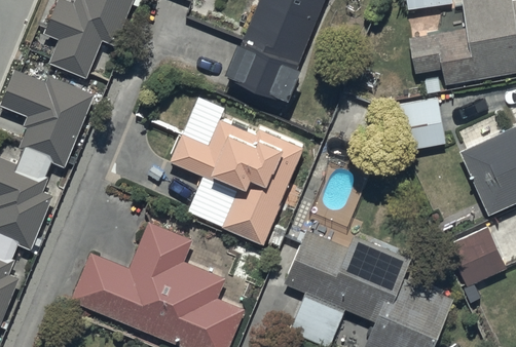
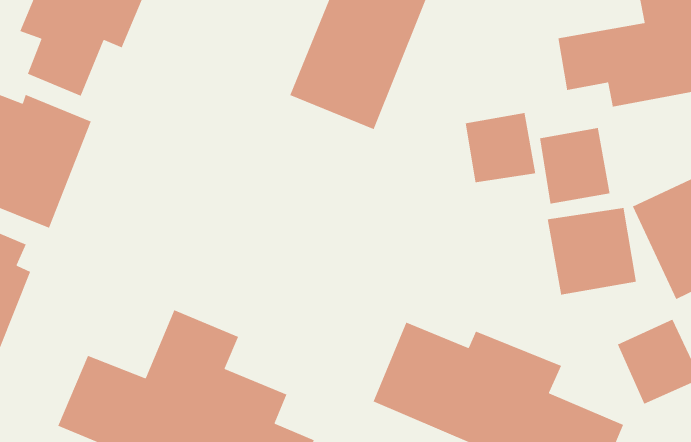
building: none -> [465,112,536,183]
building: [170,119,304,245] -> none
building: none -> [547,207,637,295]

